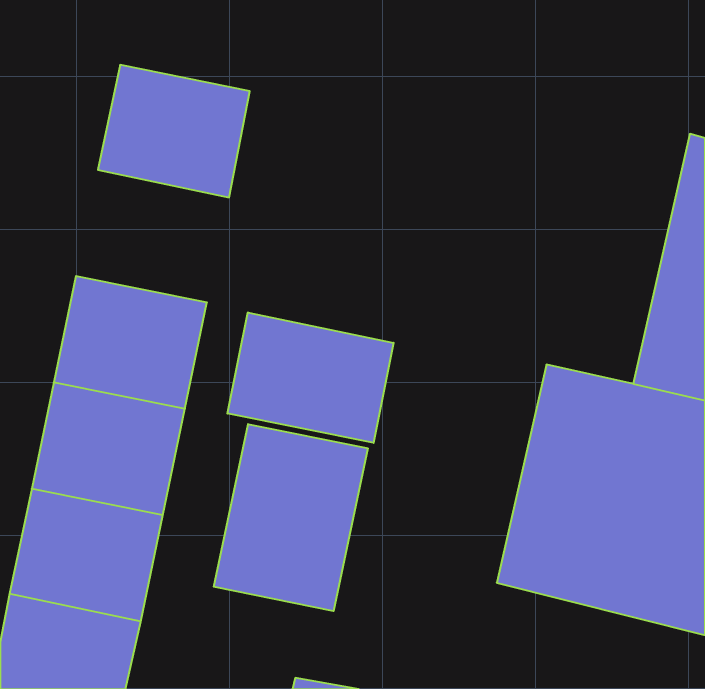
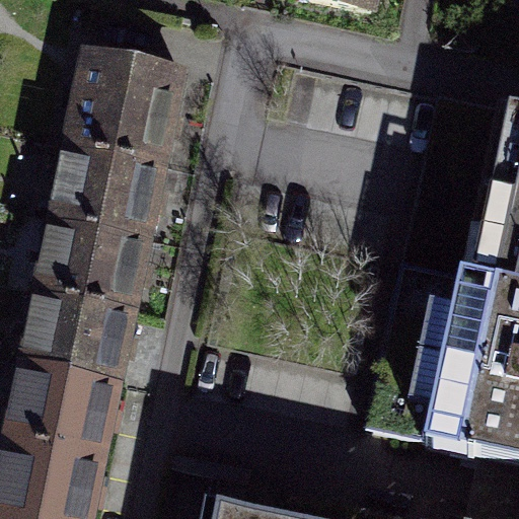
building: none -> [56,125,168,222]
building: [227,312,394,443] -> none
building: [214,424,368,611] -> none

